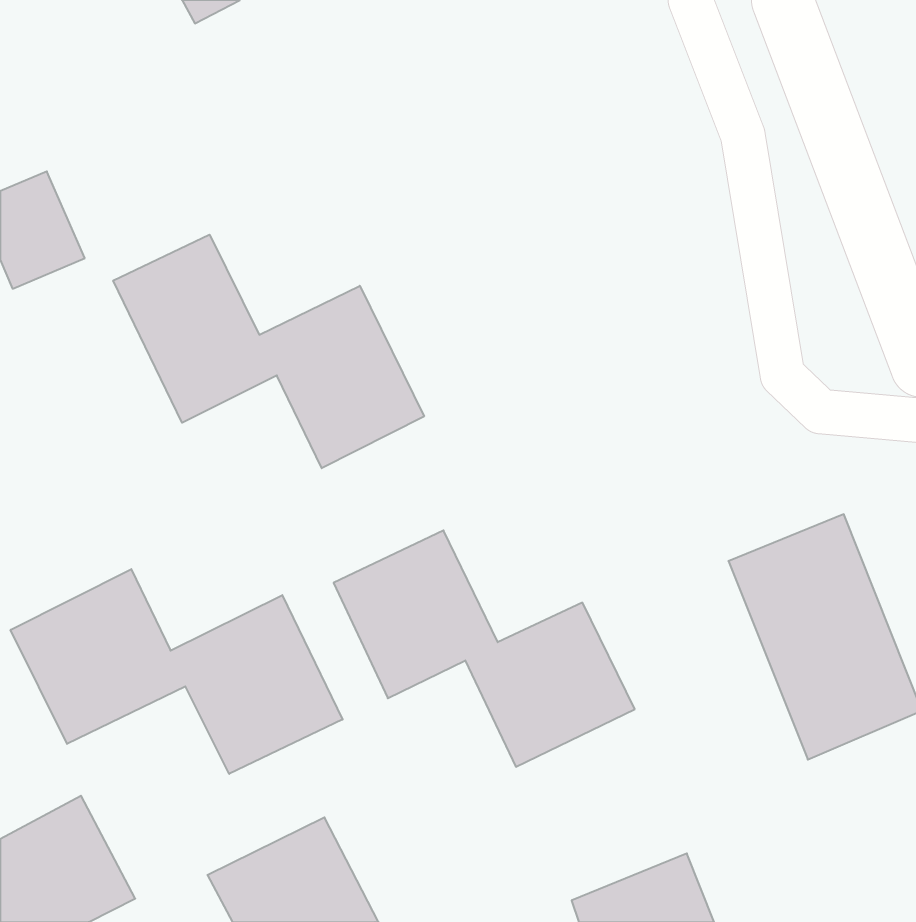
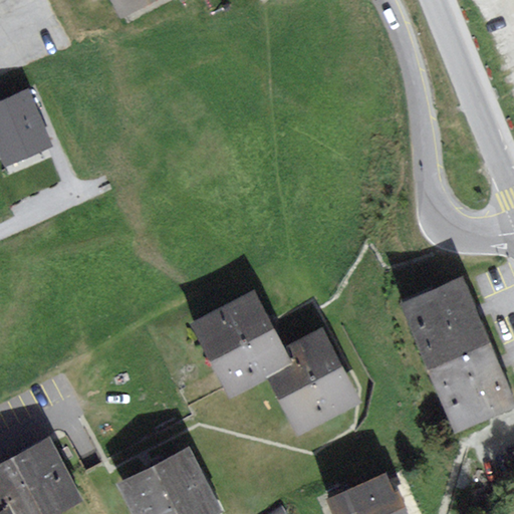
building: [113,235,424,468] -> none
building: [11,569,343,774] -> none

